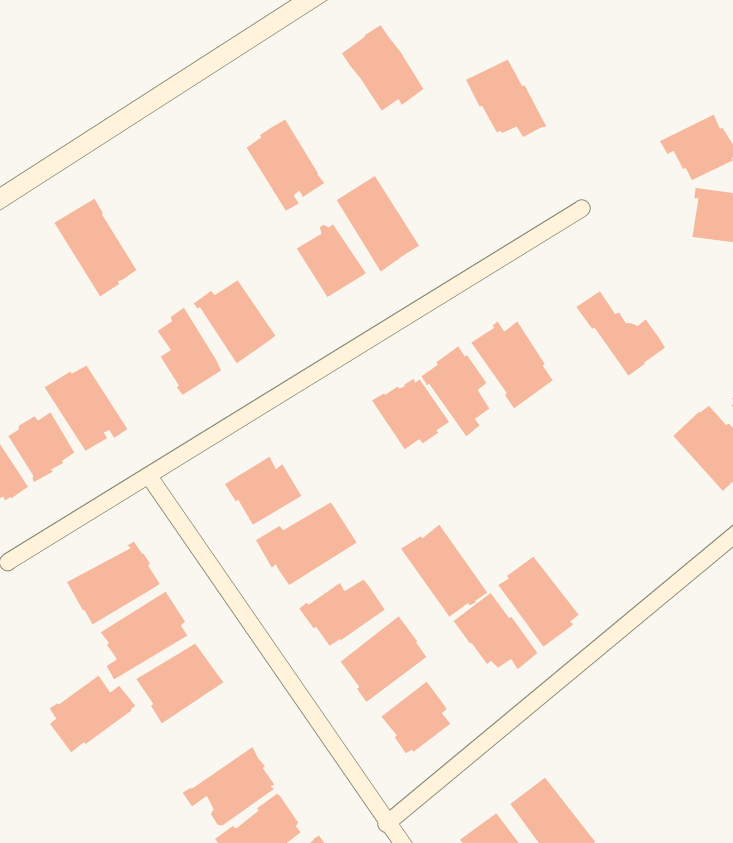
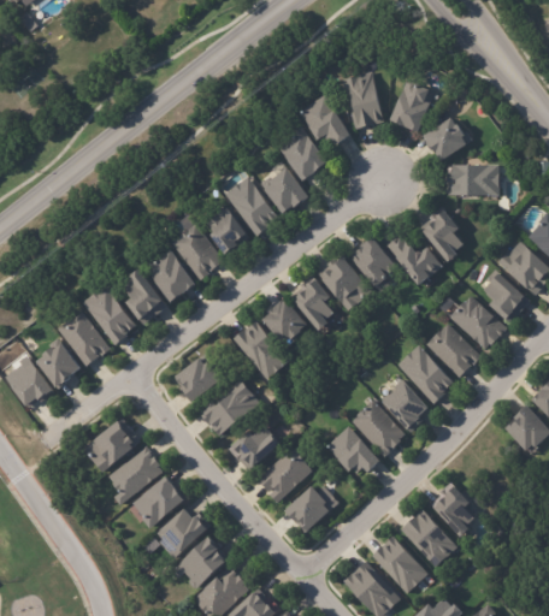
building: [341,24,425,112] -> [277,125,331,179]
building: none -> [341,70,385,129]
building: none -> [390,77,432,131]
building: [245,119,325,212] -> [172,223,224,280]
building: none -> [259,168,309,215]
building: [53,198,138,297] -> [82,284,137,345]
building: none -> [419,207,465,262]
building: none -> [350,237,399,292]
building: none -> [425,324,480,378]
building: none -> [397,345,454,405]
building: [400,523,489,618] -> [234,320,291,378]
building: none -> [383,384,429,434]
building: [49,675,136,753] -> [157,508,211,558]
building: none -> [430,484,477,539]
building: none -> [400,510,456,568]

